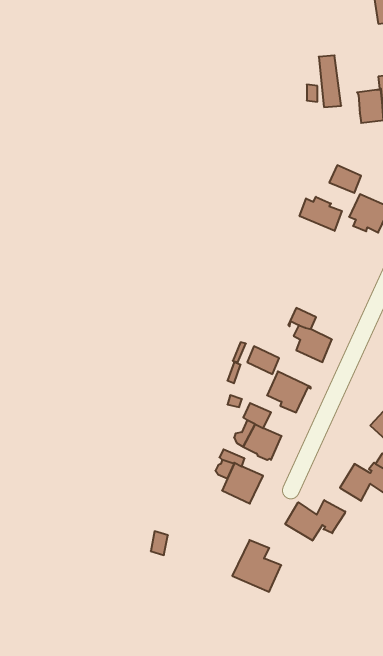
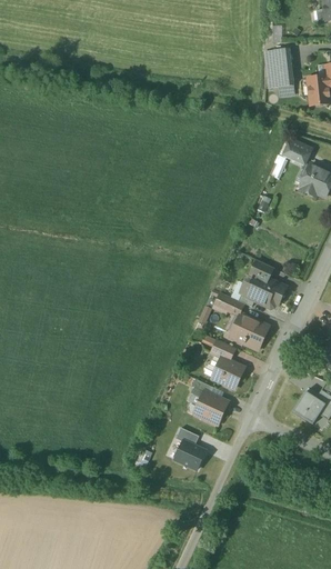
building: [300,197,342,231] -> none
building: [285,500,345,541] -> none
building: [232,540,281,592] -> [165,428,207,471]

